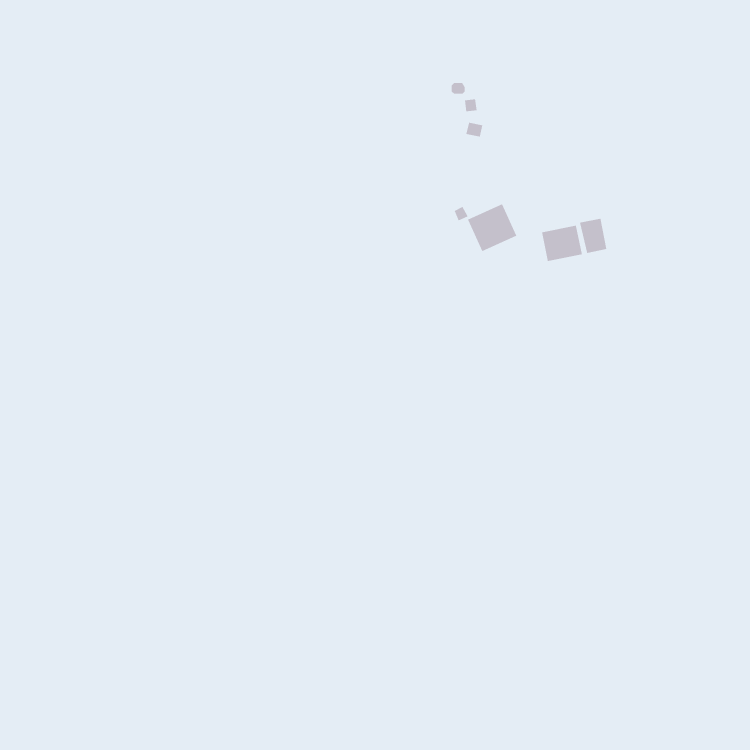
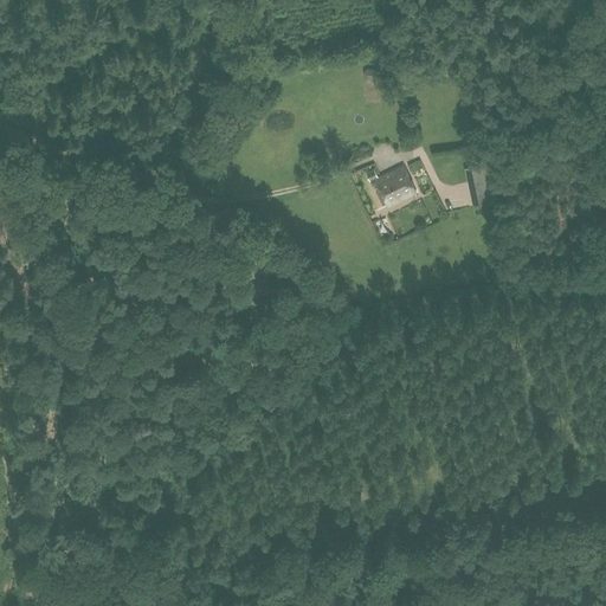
building: [542,225,582,262] -> none

